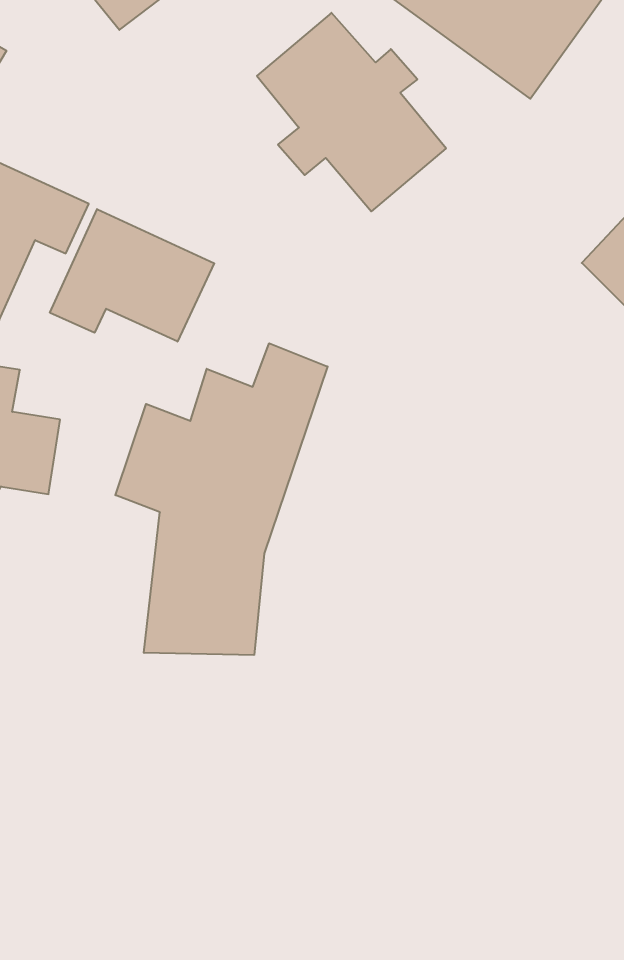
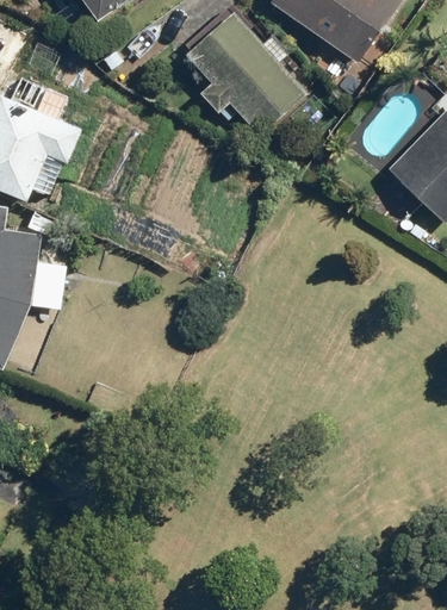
building: [50,209,214,342] -> none
building: [115,343,328,655] -> none

